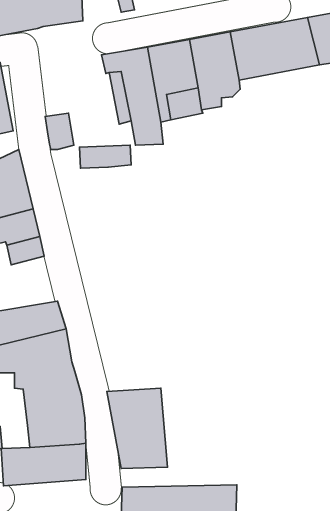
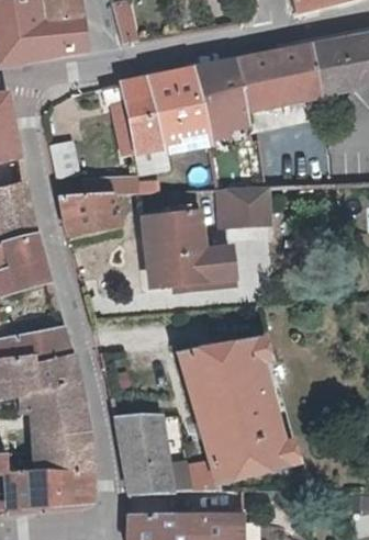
building: none -> [224,187,270,234]
building: none -> [60,194,121,236]
building: none -> [144,206,223,285]
building: none -> [180,339,291,491]

